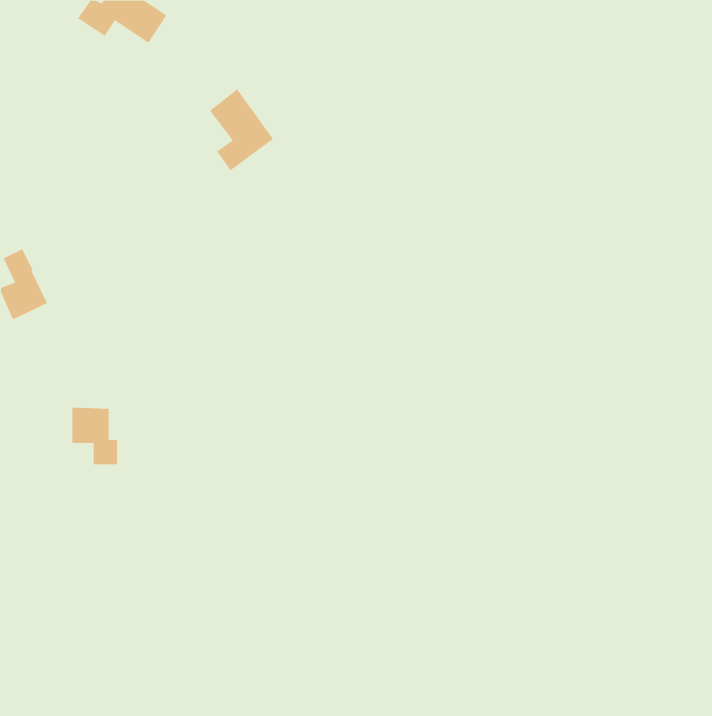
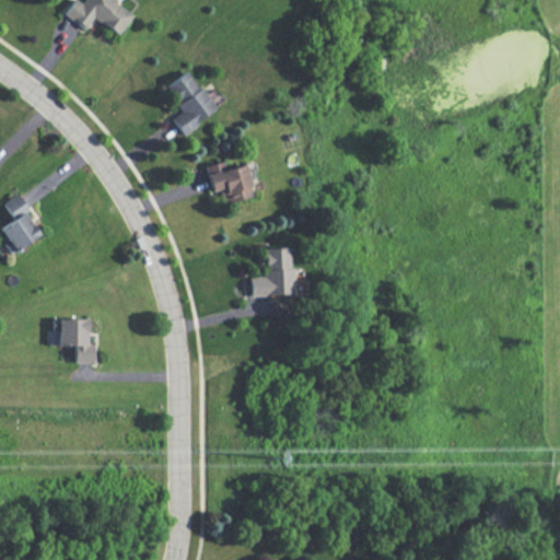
building: none -> [207,162,254,203]
building: none -> [250,248,294,296]

